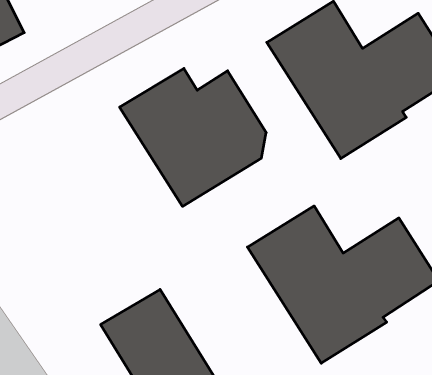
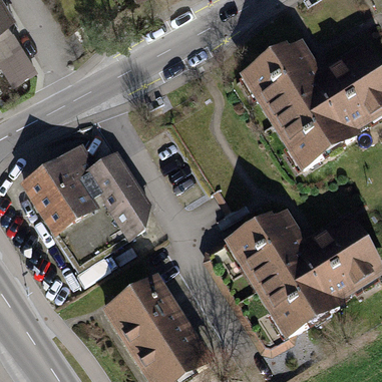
building: [120,68,266,206] -> [25,149,146,264]

